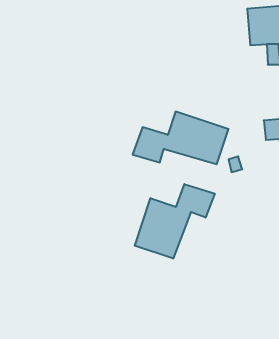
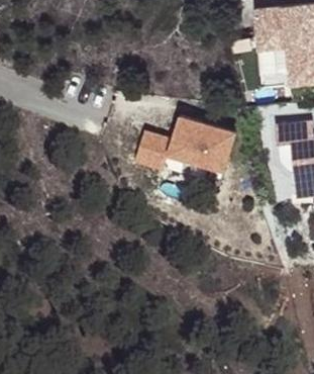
building: [135,184,215,259] -> none

